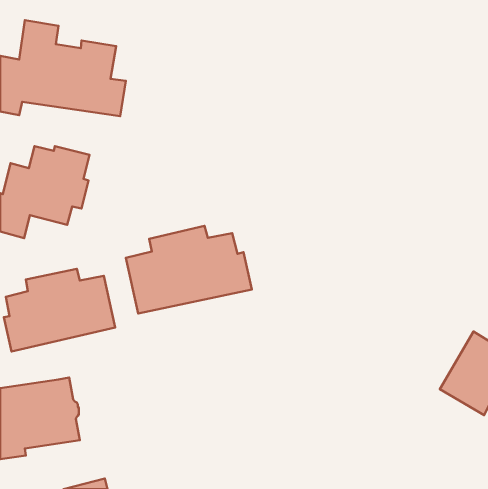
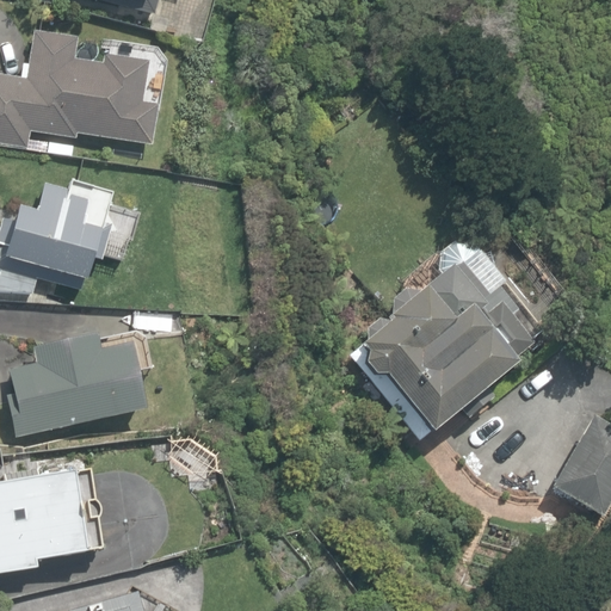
building: none -> [350,239,532,446]
building: [126,226,252,314] -> none

